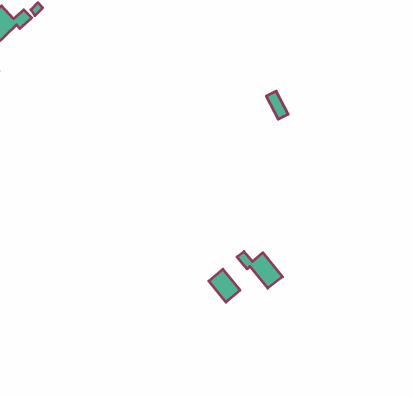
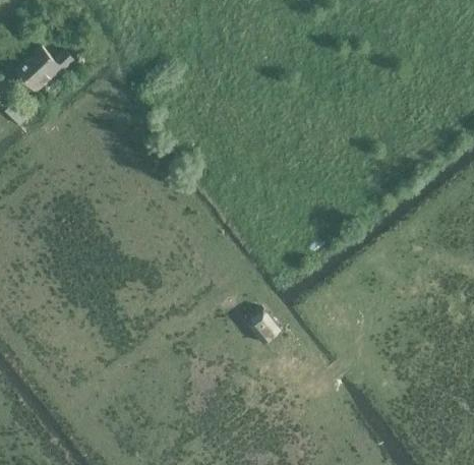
building: [237,251,283,288] -> none

